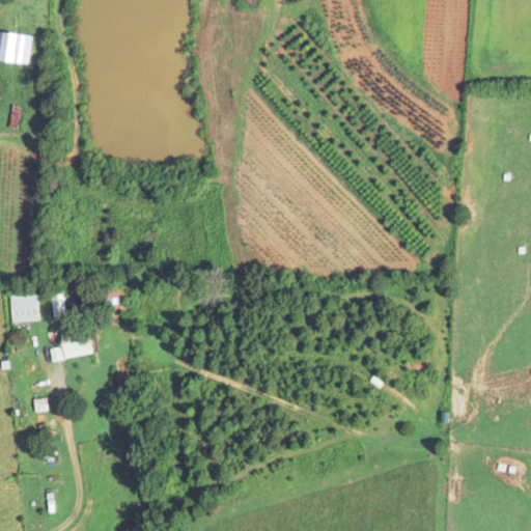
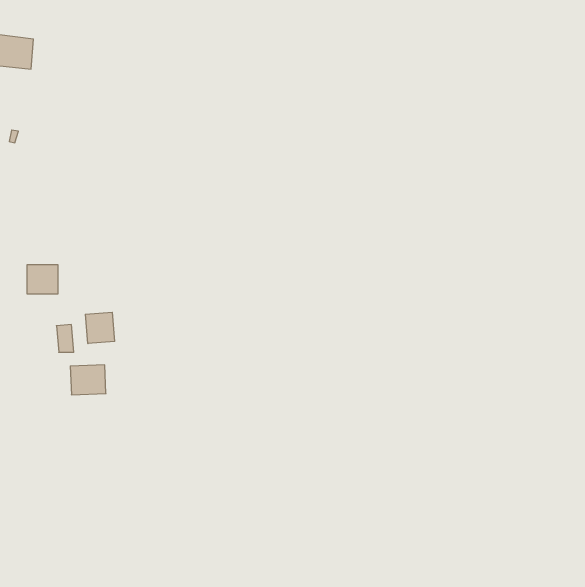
building: none -> [85,312,115,344]
building: [11,297,39,323] -> [27,265,58,294]

